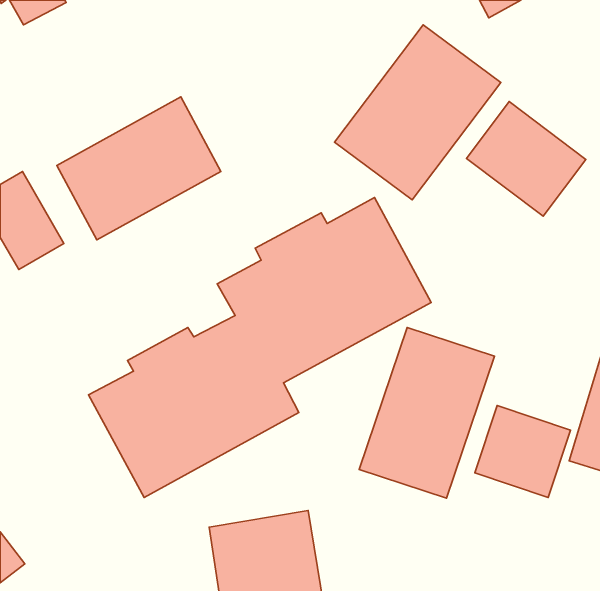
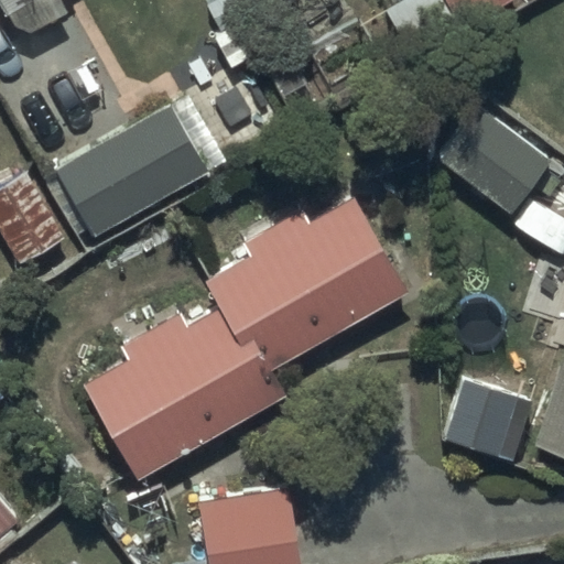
building: [335,25,501,200] -> none
building: [359,328,495,498] -> none

